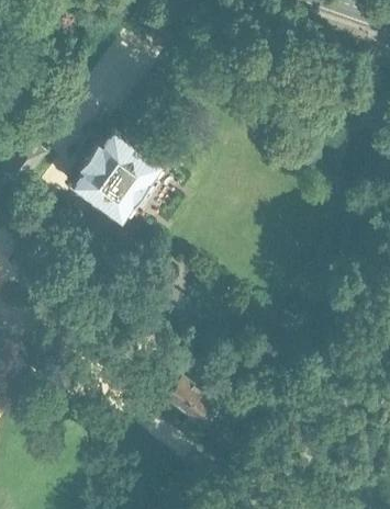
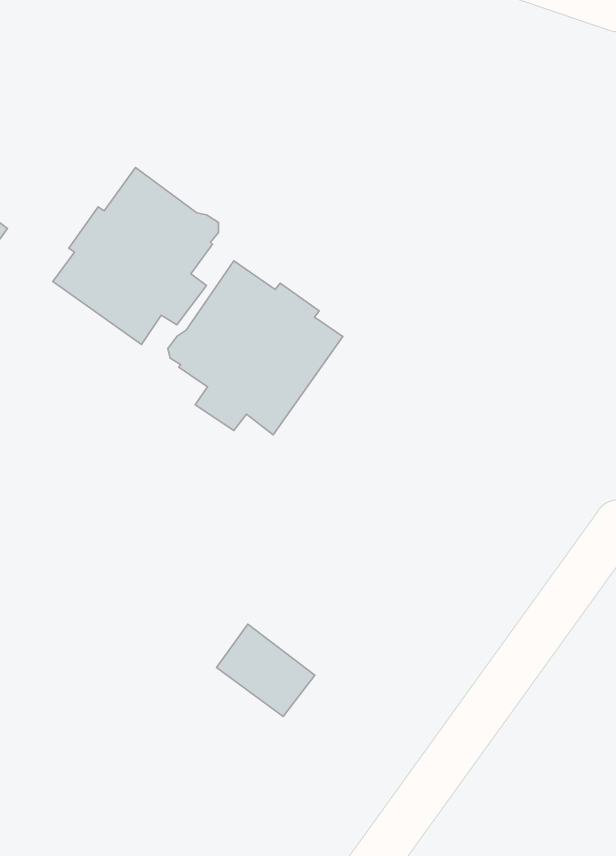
building: none -> [168,261,343,435]

